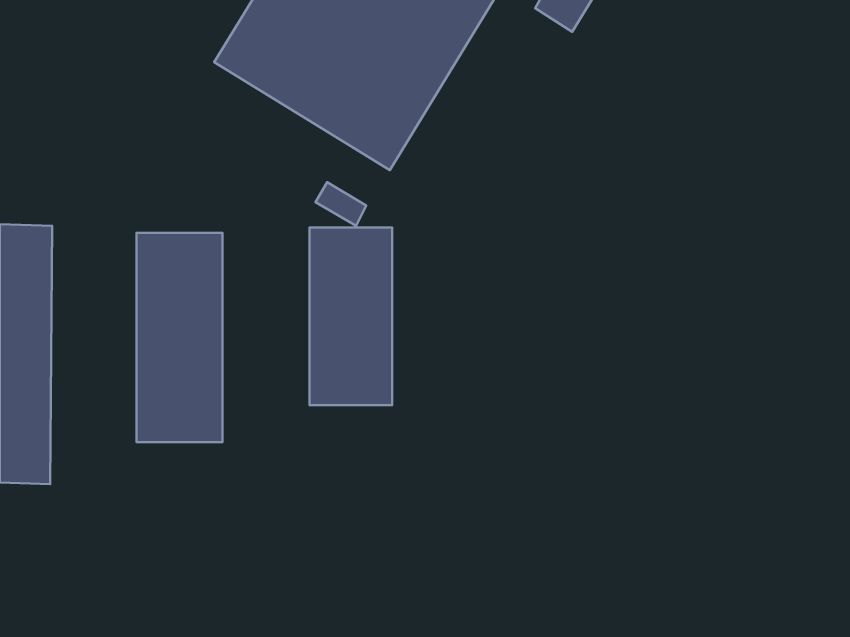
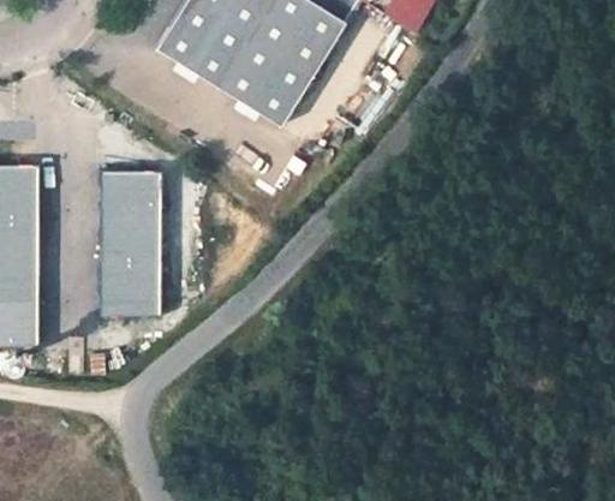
building: [309,228,392,405] -> none

